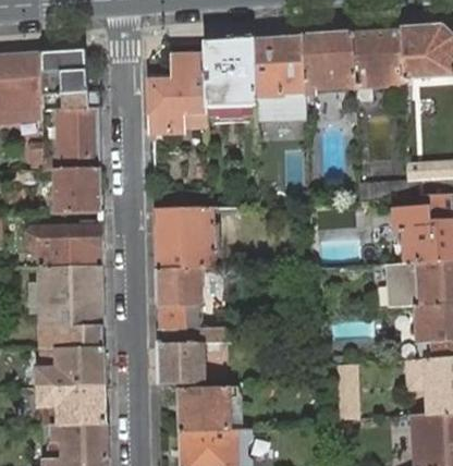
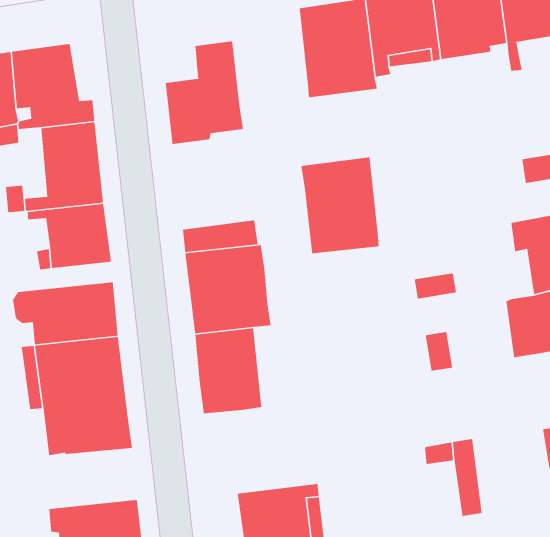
building: [203,39,255,107] -> [301,156,380,254]
building: [158,329,225,384] -> none
building: [38,348,105,388] -> none

